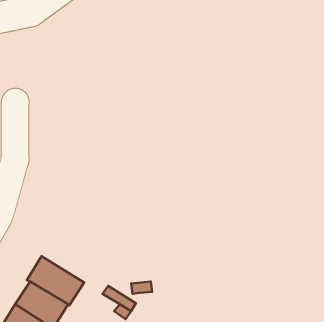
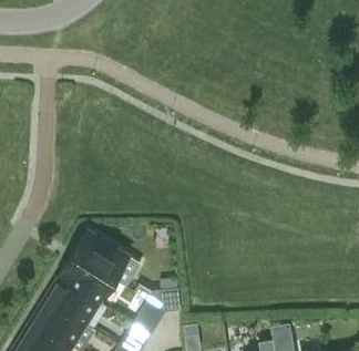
building: none -> [73,233,129,281]

